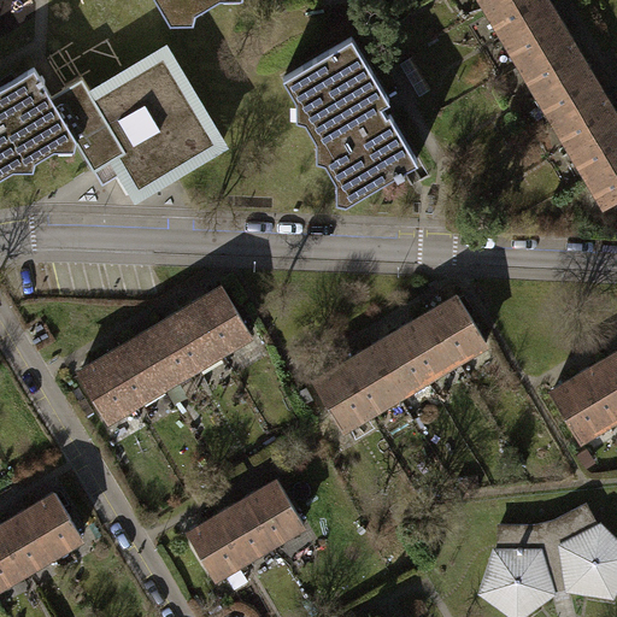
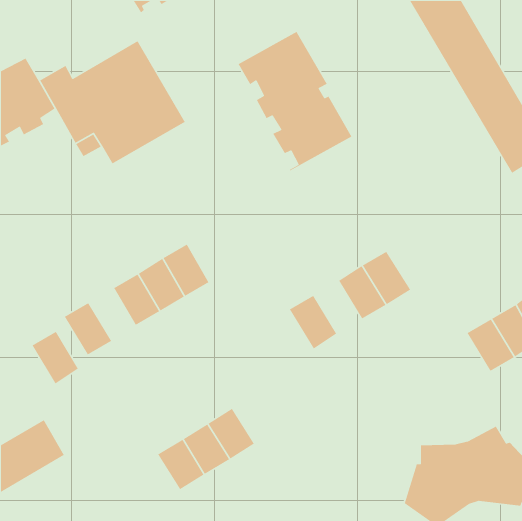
building: [371,334,428,396] -> none
building: [107,342,163,405] -> [32,331,79,384]
building: [313,368,371,431] -> none

